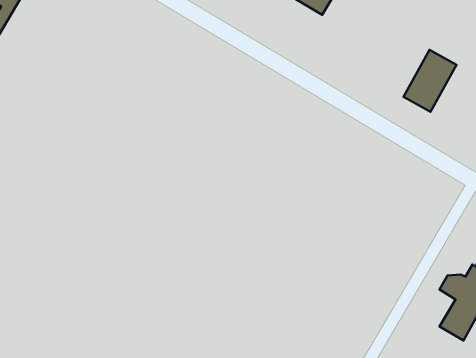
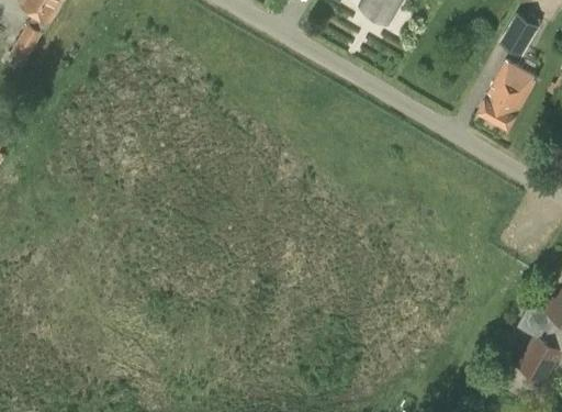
building: none -> [499,14,538,54]

